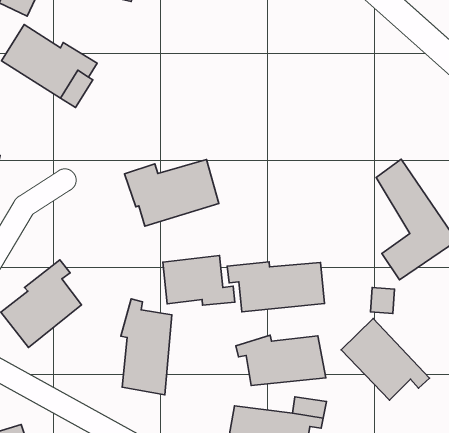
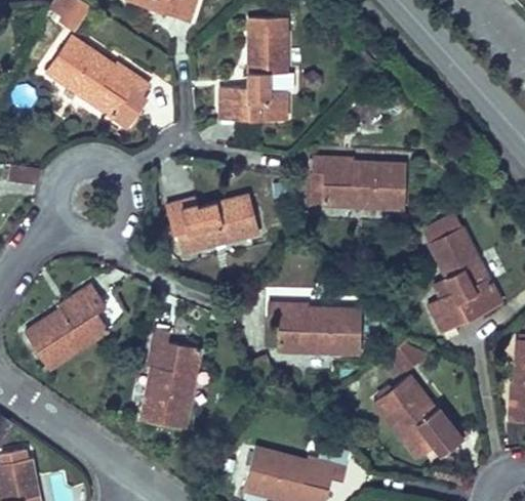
building: none -> [220,38,287,121]
building: none -> [309,159,405,212]
building: [163,256,235,305] -> none
building: [236,335,326,385] -> none

